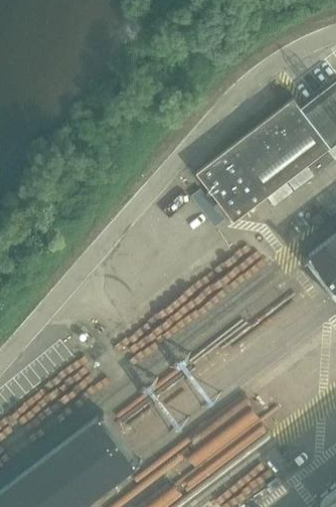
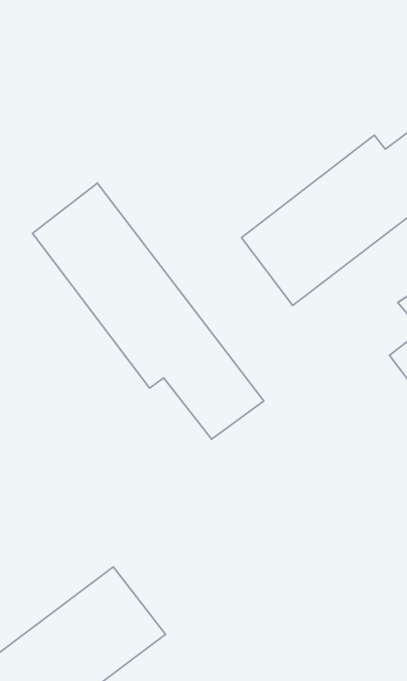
building: none -> [32,183,264,439]

